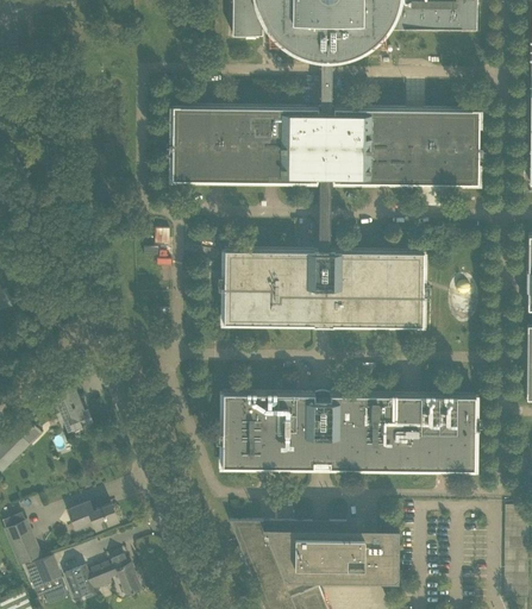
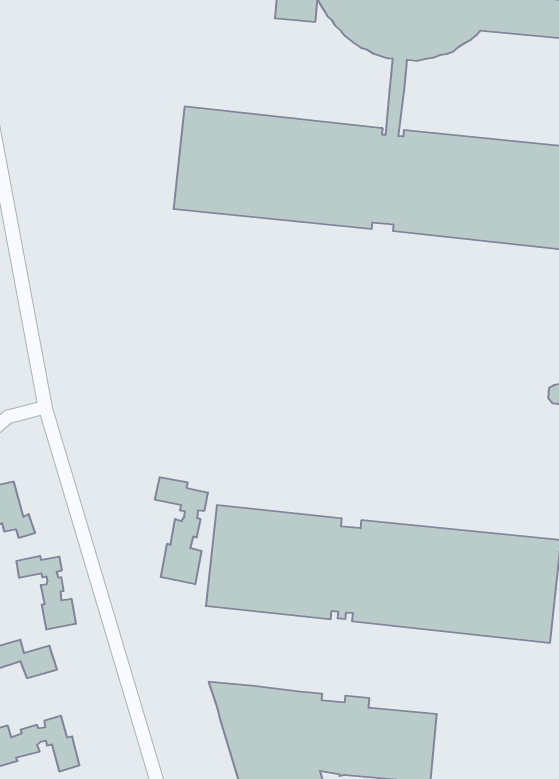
building: [225,252,425,328] -> none
building: none -> [155,477,208,584]
building: none -> [16,556,76,630]

